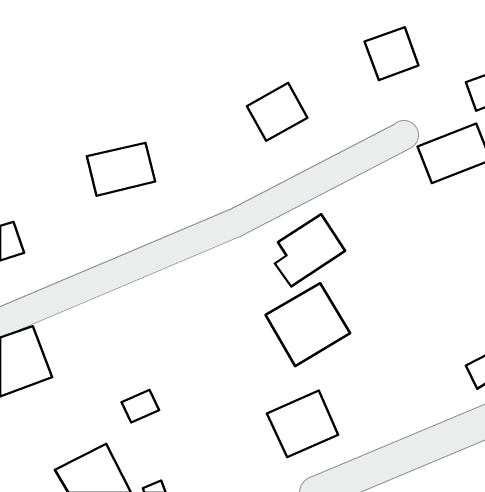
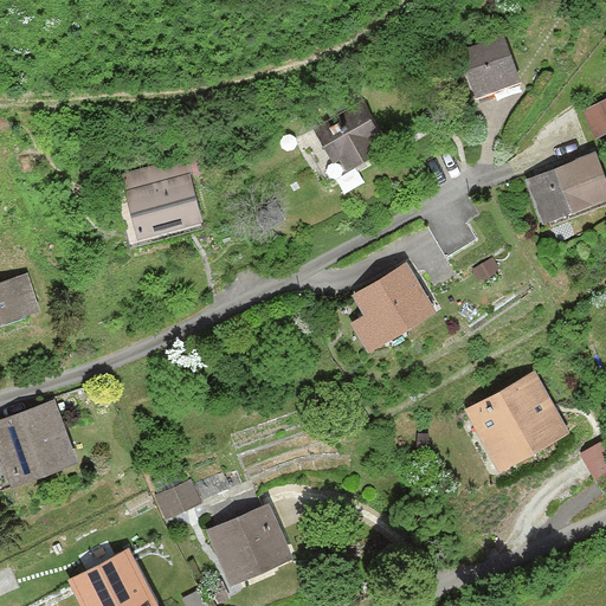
building: [265,283,350,366] -> [462,370,566,472]
building: [267,390,338,457] -> [204,503,291,585]

